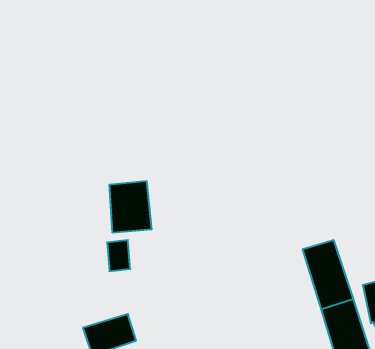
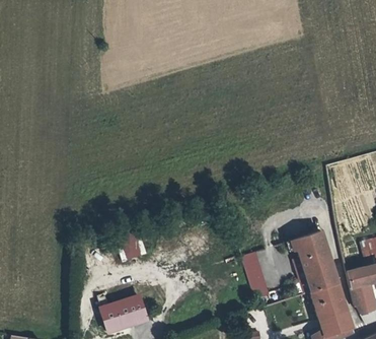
building: [109,181,151,233] -> none
building: none -> [242,253,269,295]

